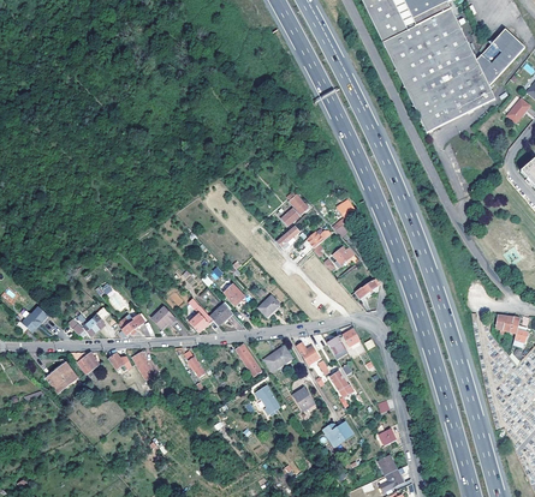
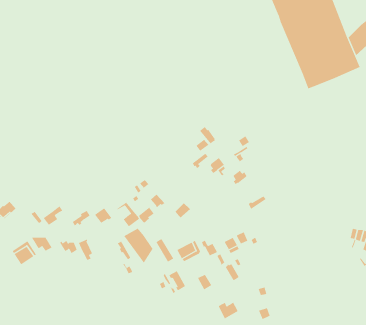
building: none -> [124,228,153,263]

